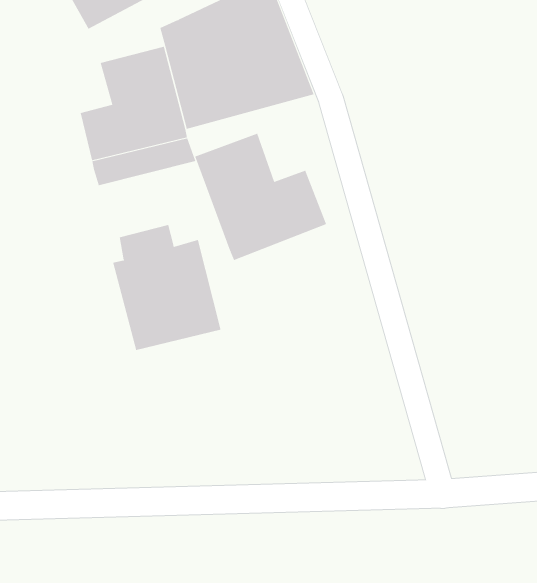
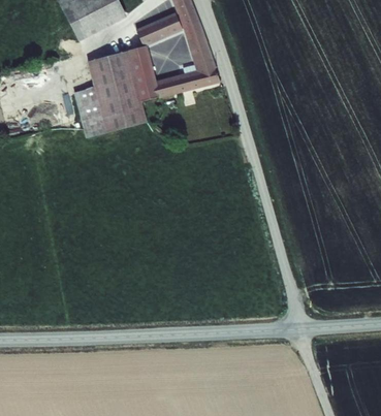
building: [195,133,327,261] -> none
building: [113,224,221,351] -> none

